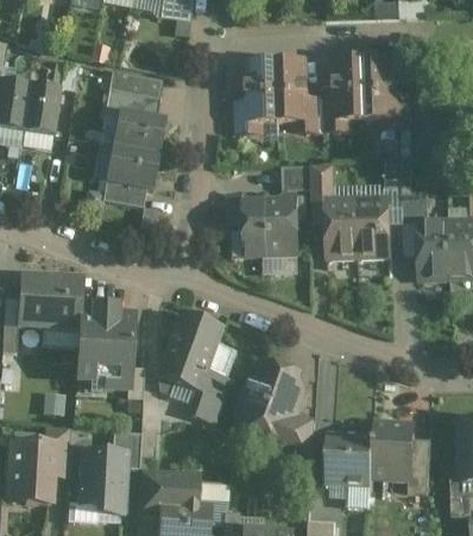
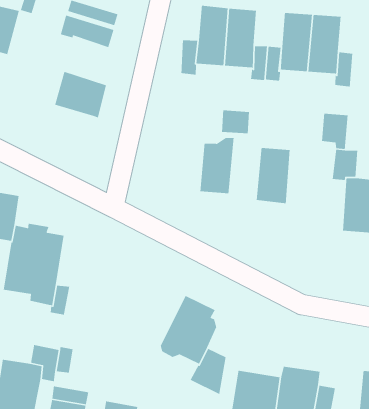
building: [112,108,164,155] -> none
building: [309,164,335,195] -> none
building: [103,182,147,208] -> none
building: [355,200,389,257] -> none
building: [242,203,266,256] -> none
building: [153,311,232,423] -> none

